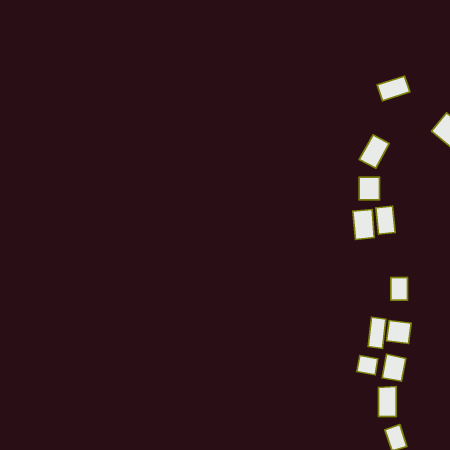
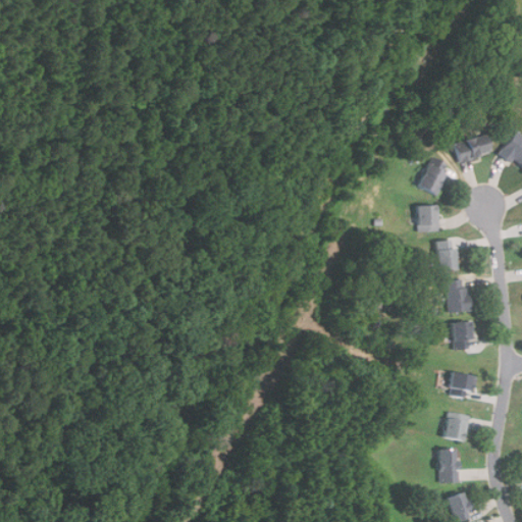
building: [377,76,410,101] -> [454,134,491,162]
building: [353,209,374,239] -> [447,278,471,313]
building: [368,317,386,348] -> none
building: [357,355,378,375] -> none

